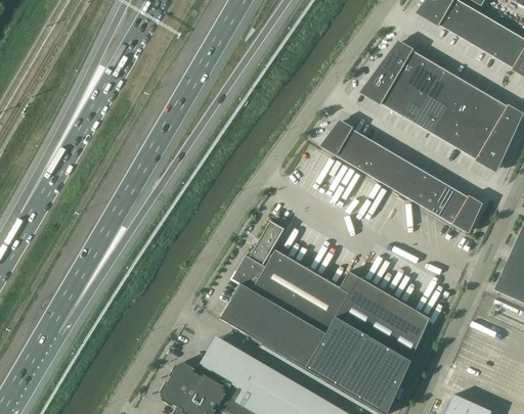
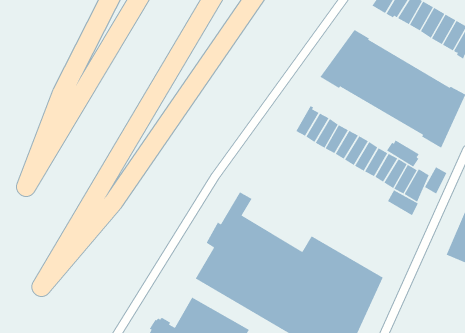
building: [319,120,349,154] -> none
building: none -> [386,140,419,167]
building: none -> [424,167,447,194]
building: none -> [387,189,418,216]

